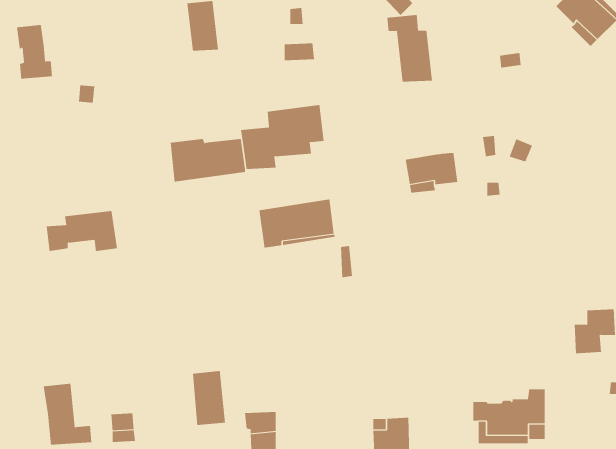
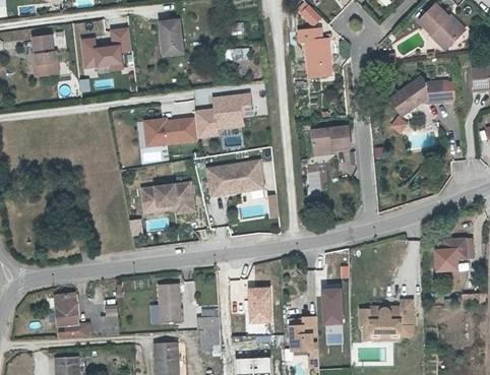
building: none -> [80,24,132,70]
building: none -> [392,78,446,116]
building: [46,211,118,251] -> [142,182,194,211]
building: none -> [246,285,270,330]
building: none -> [321,289,342,324]

